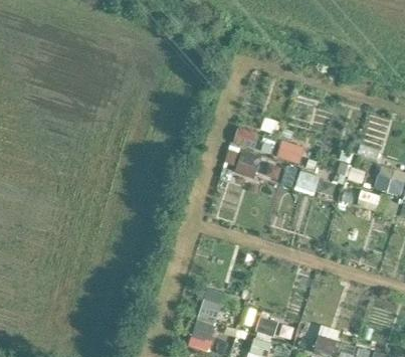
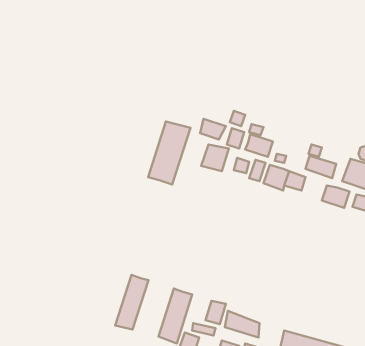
building: none -> [148,122,190,184]
building: none -> [115,275,148,330]

